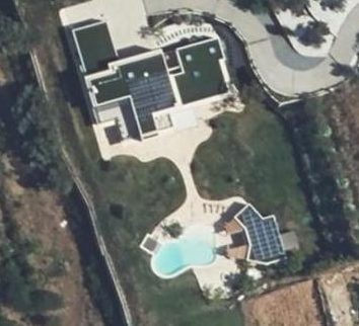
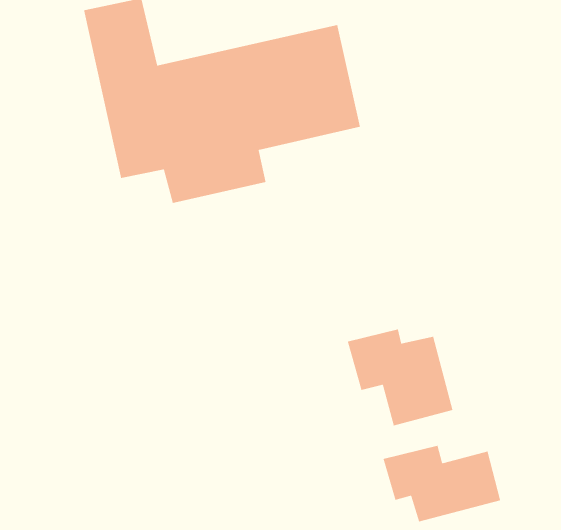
building: none -> [382,445,501,522]

